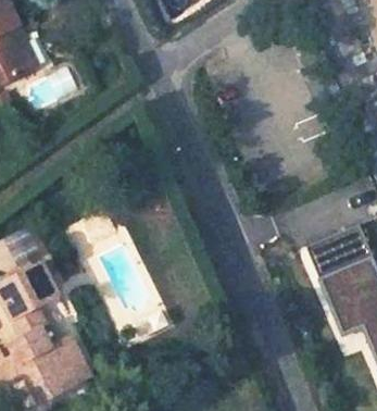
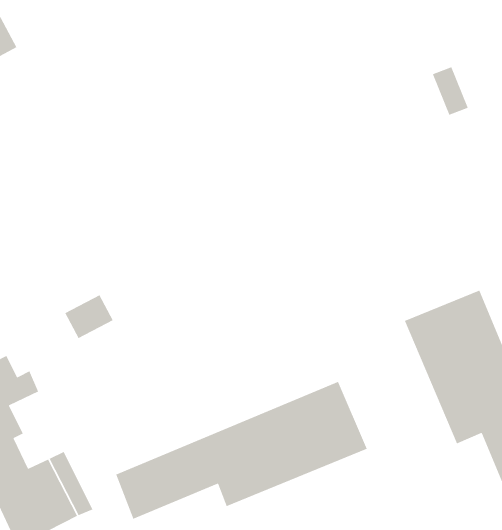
building: none -> [115,381,368,520]

